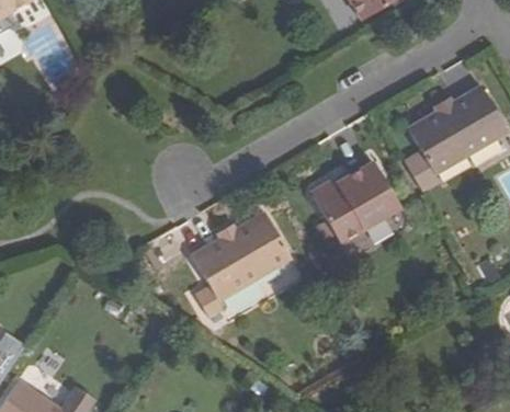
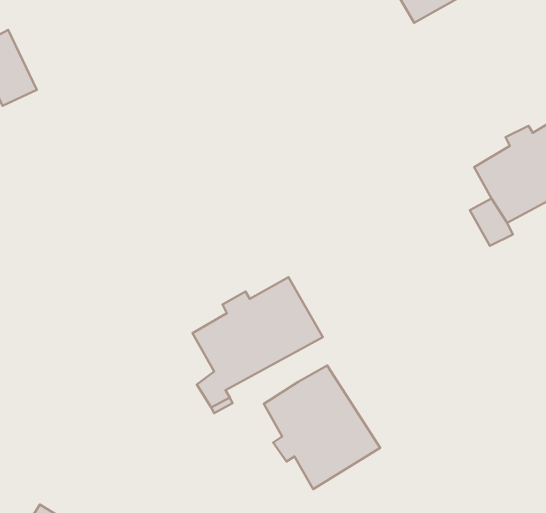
building: [310,162,400,241] -> none
building: none -> [264,366,380,489]

